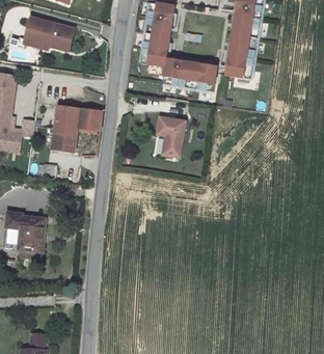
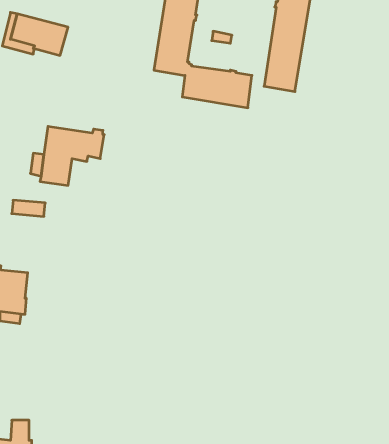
building: [156,116,184,156] -> none

